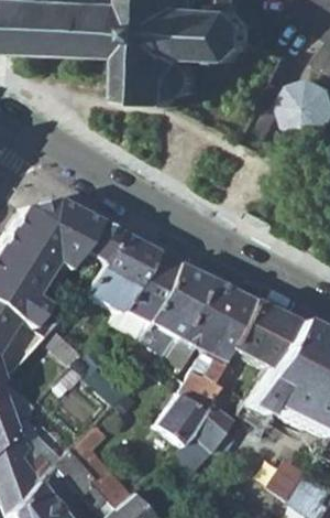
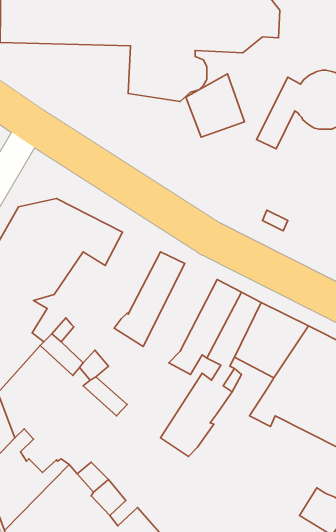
building: none -> [186,74,244,137]
building: [89,231,157,314] -> none
building: [141,261,211,356] -> none
building: [193,406,231,454] -> none
building: [265,460,306,504] -> none

